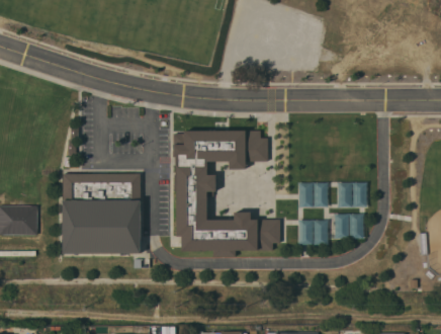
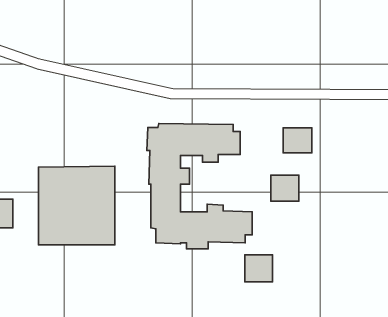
building: [336,182,365,207] -> [283,128,312,153]
building: [336,214,364,238] -> none
building: [297,216,326,243] -> [245,255,273,282]

